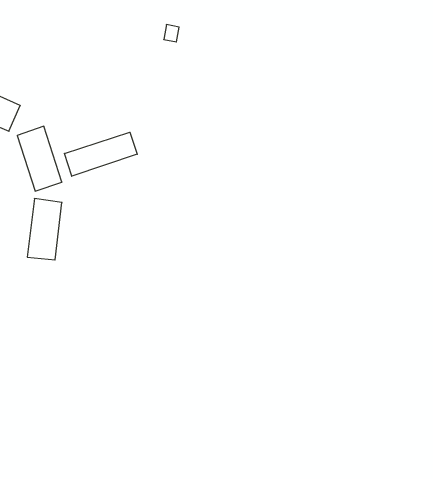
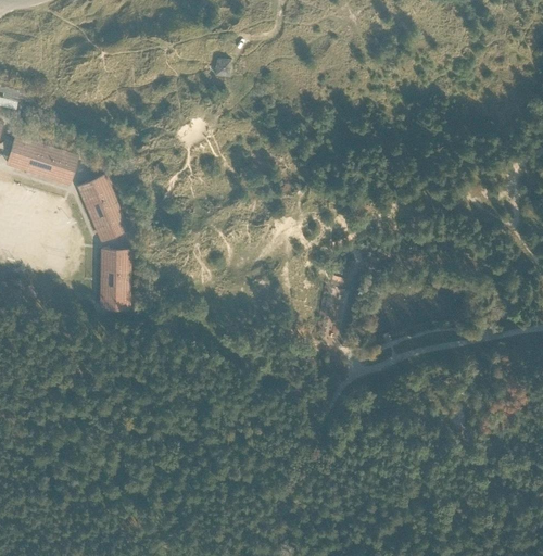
building: [64,132,137,176] -> none

